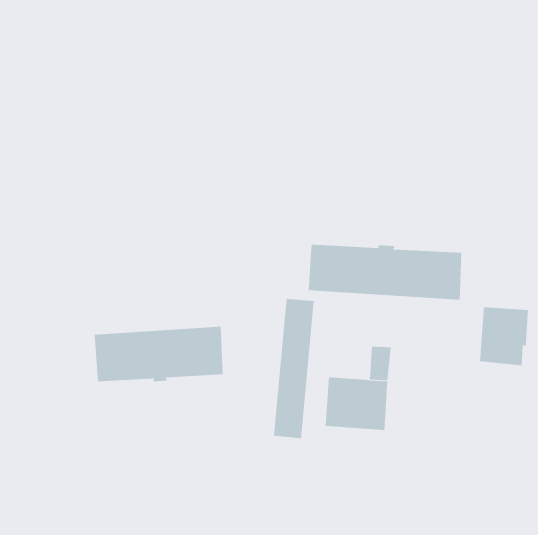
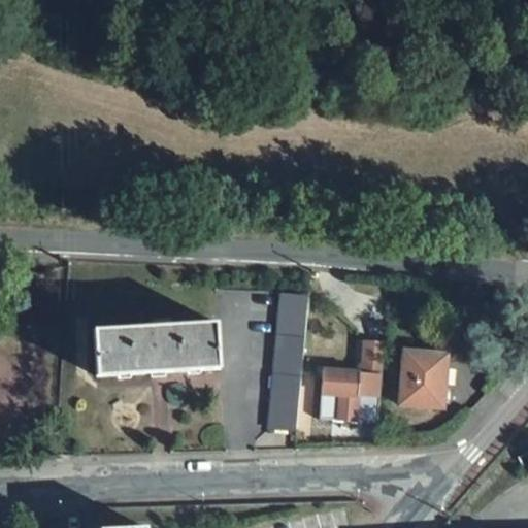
building: [308,244,462,300] -> none
building: [479,307,529,366] -> [398,348,447,405]

